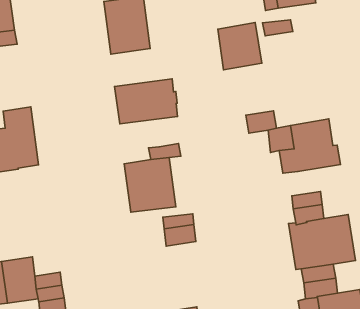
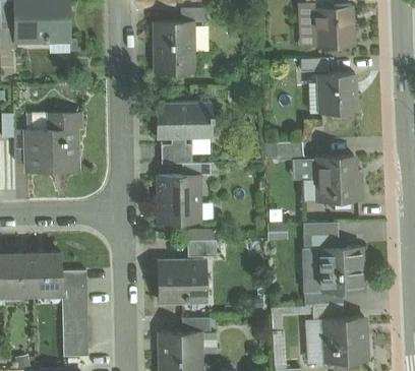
building: [218,23,262,70] -> [318,74,356,115]
building: none -> [161,144,191,165]
building: none -> [159,261,204,303]

